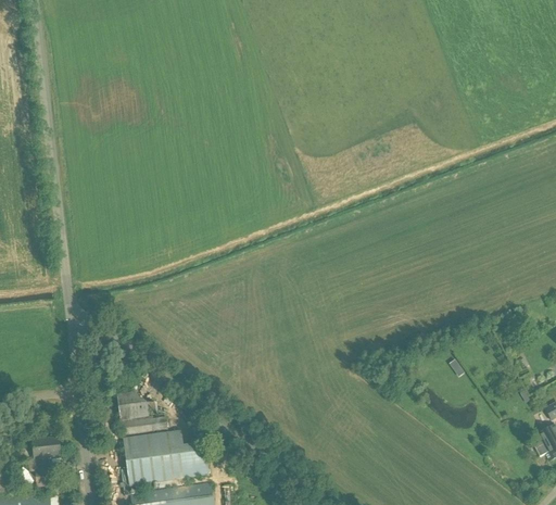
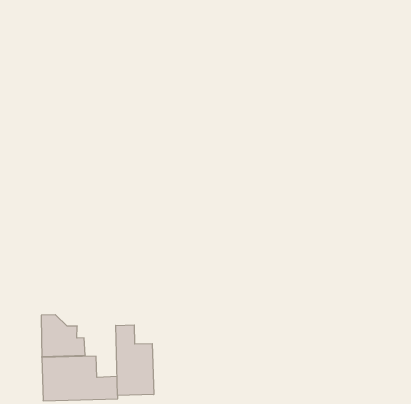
building: none -> [116,325,154,395]

